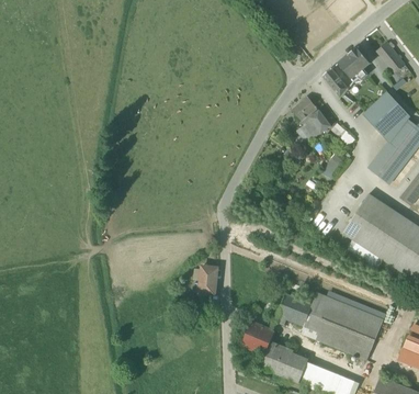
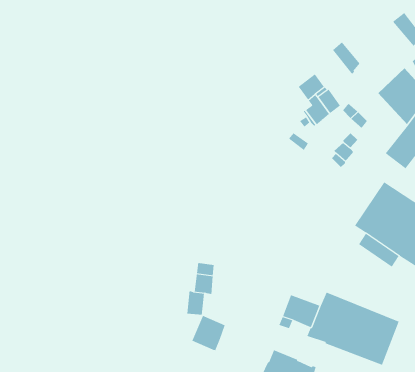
building: [338,46,370,78] -> none
building: [244,322,274,353] -> [191,315,226,351]

